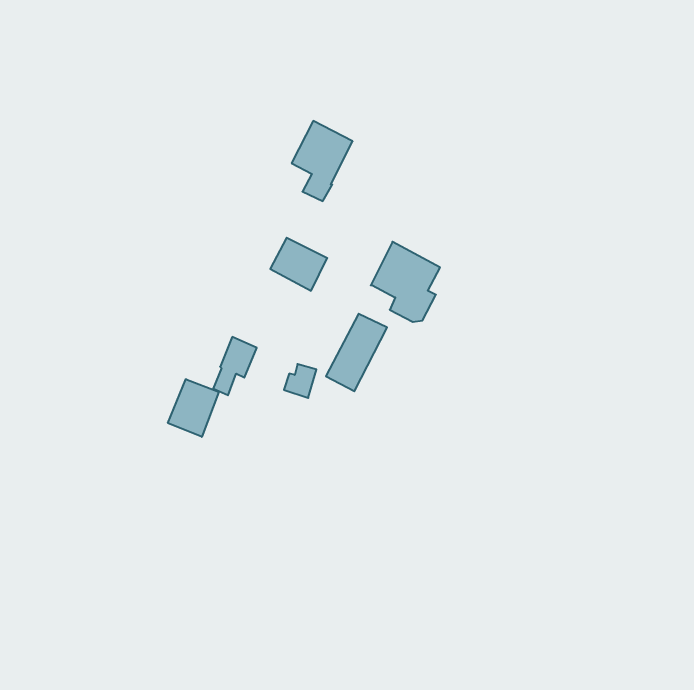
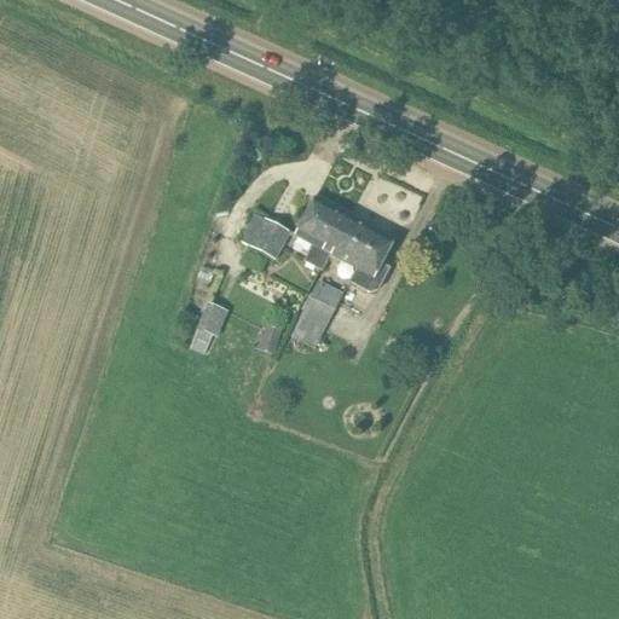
building: [292,121,353,201] -> [295,197,349,268]
building: [168,379,219,437] -> none

